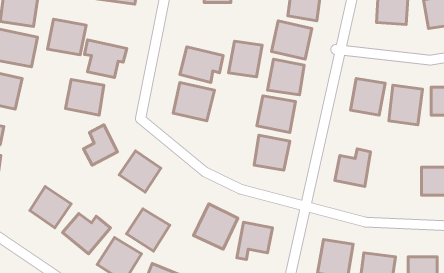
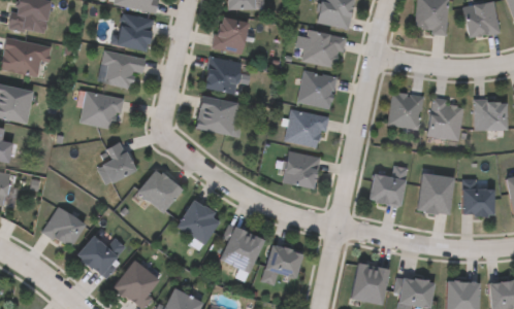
building: [48,19,86,55] -> [114,13,155,52]
building: [229,41,262,77] -> [214,15,250,54]
building: none -> [418,174,454,214]
building: [127,209,170,251] -> [178,200,224,245]

